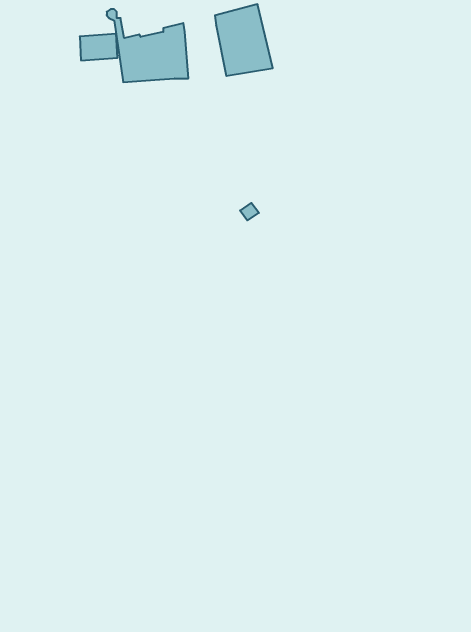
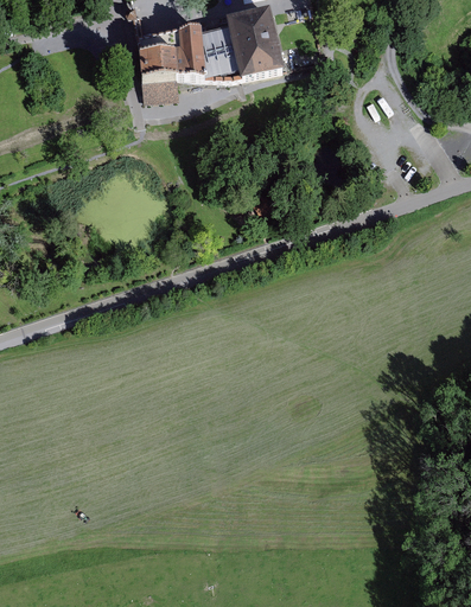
building: none -> [199,26,238,76]
building: [80,34,117,60] -> [141,77,177,102]

